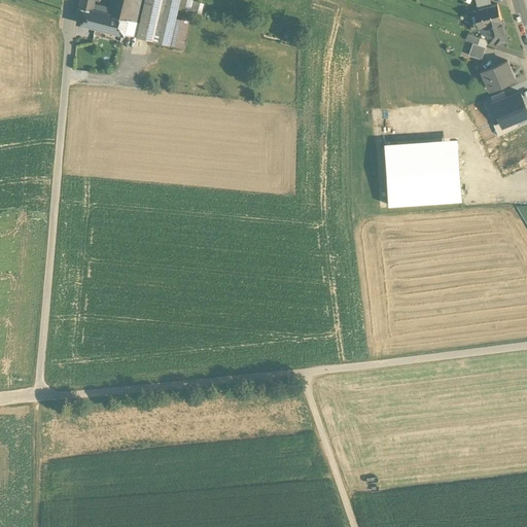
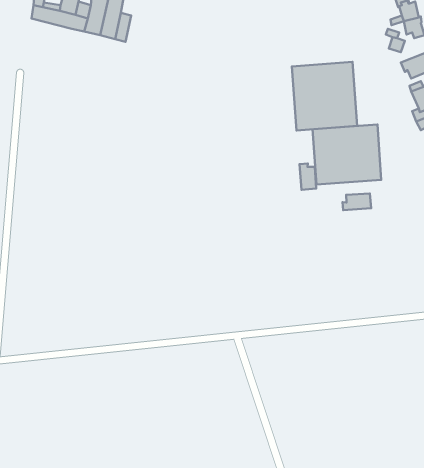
building: none -> [292,62,357,130]
building: none -> [300,164,316,190]
building: none -> [343,194,371,210]

